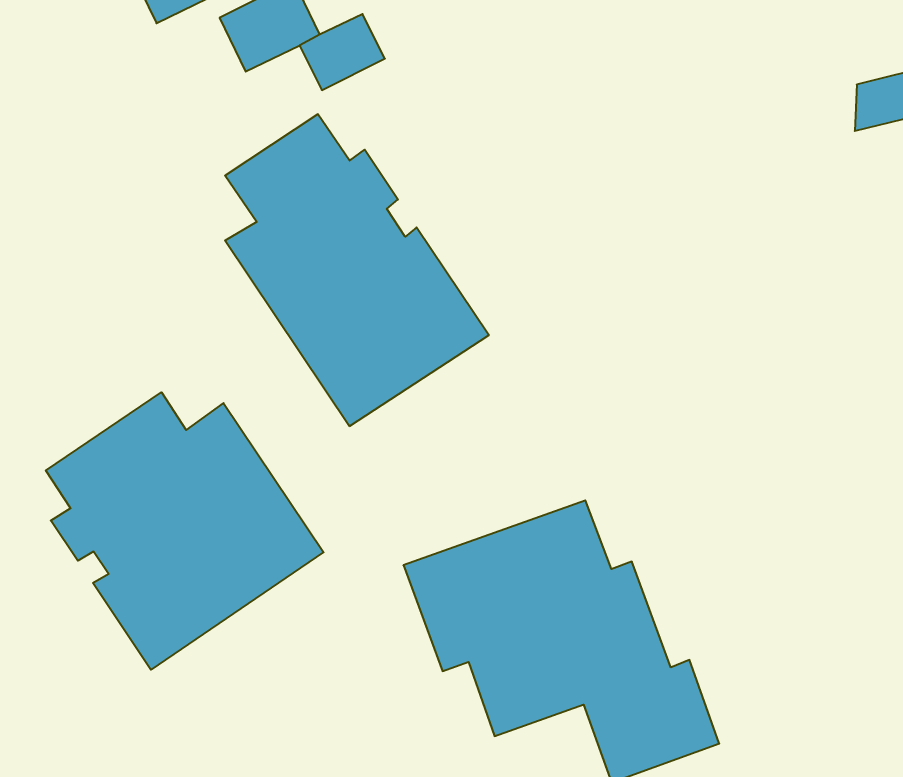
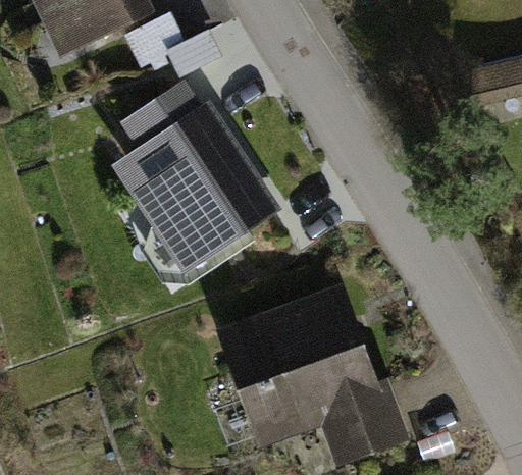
building: [46,392,324,670] -> none

